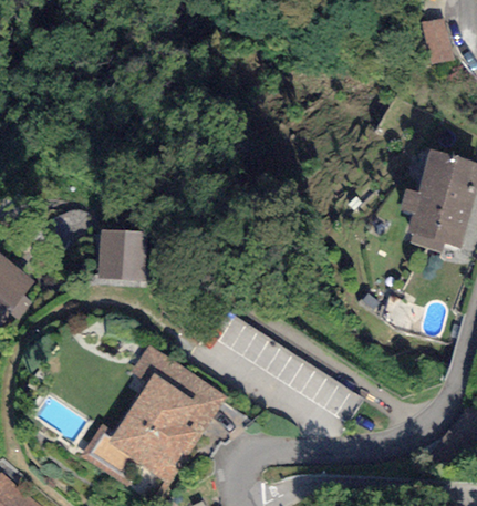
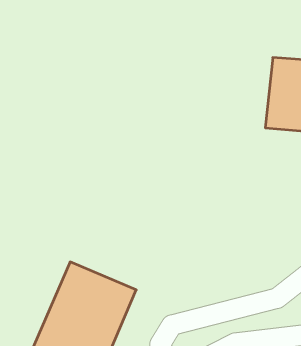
building: [100,236,144,278] -> none

